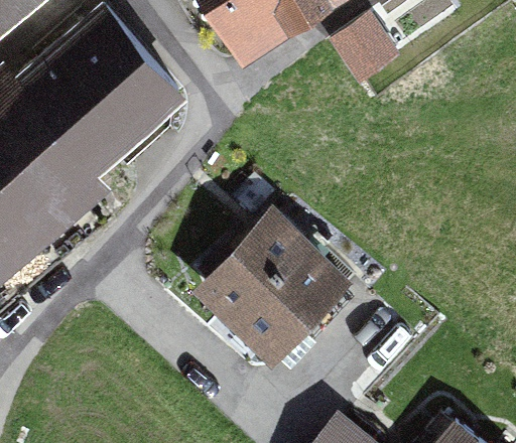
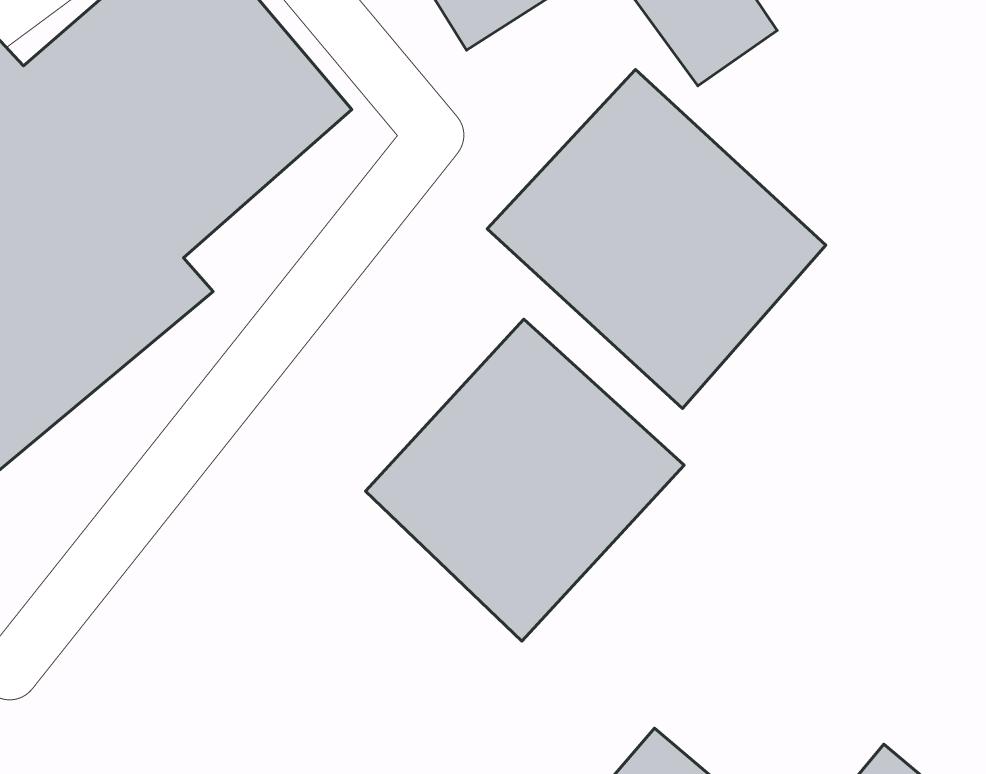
building: none -> [487,70,826,409]

